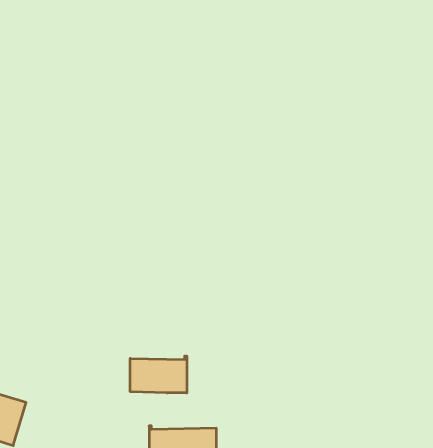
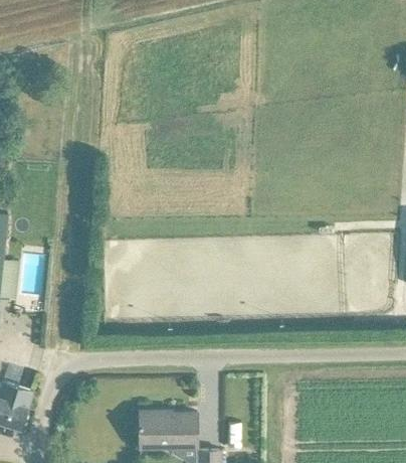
building: [130,356,187,393] -> none

